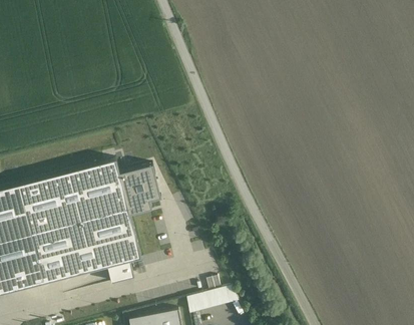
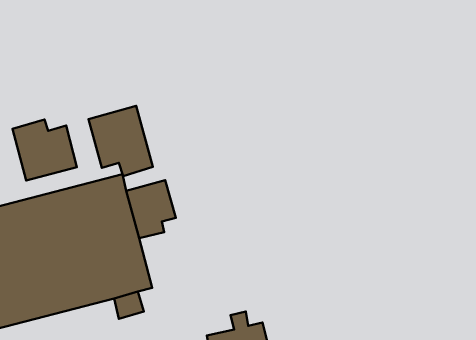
building: none -> [89,106,153,176]
building: none -> [13,119,77,181]

